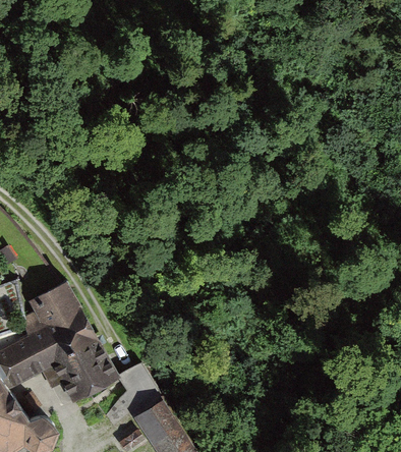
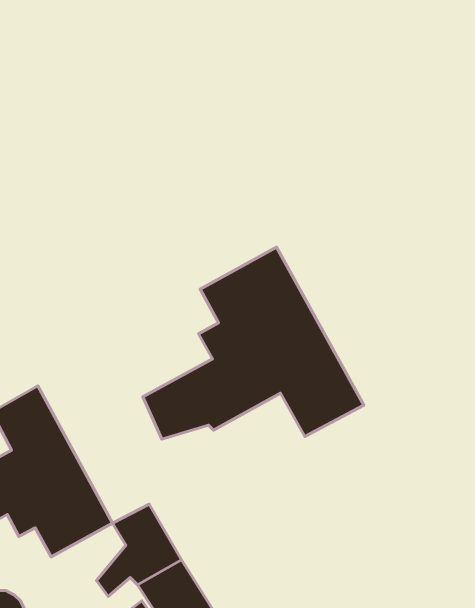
building: none -> [143,247,364,439]

